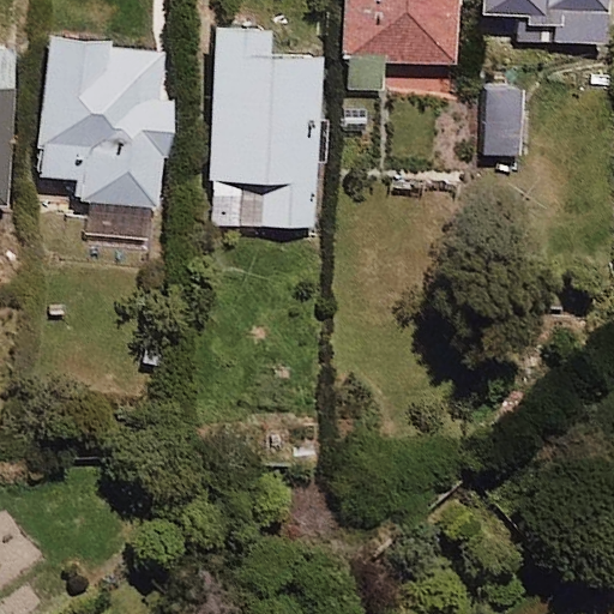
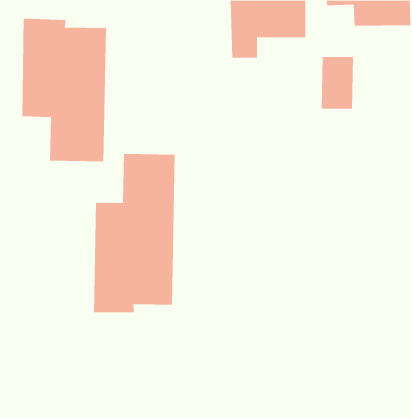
building: [210,18,320,224] -> none
building: none -> [93,153,175,313]

